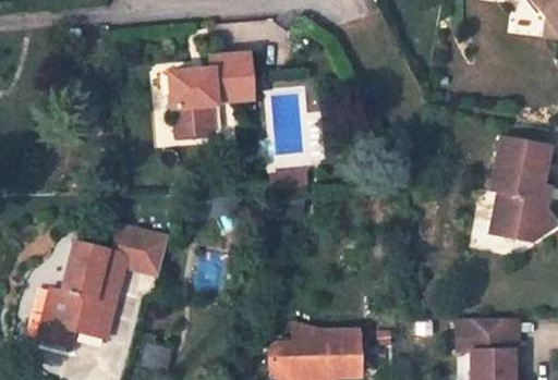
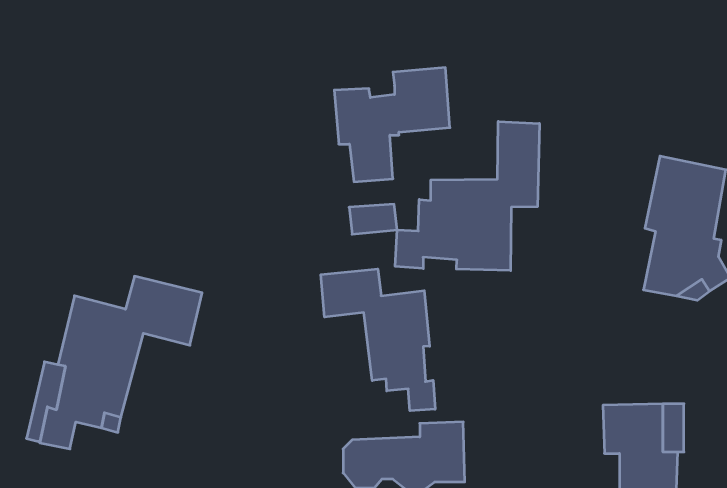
building: [167,53,251,136] -> [334,68,450,182]
building: none -> [395,121,539,271]
building: none -> [321,269,435,411]

